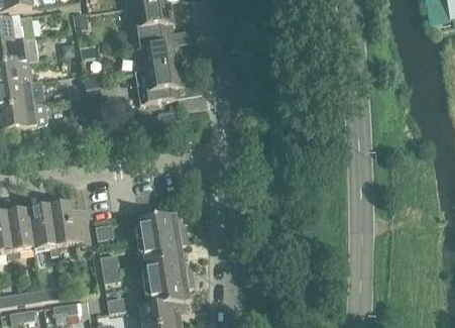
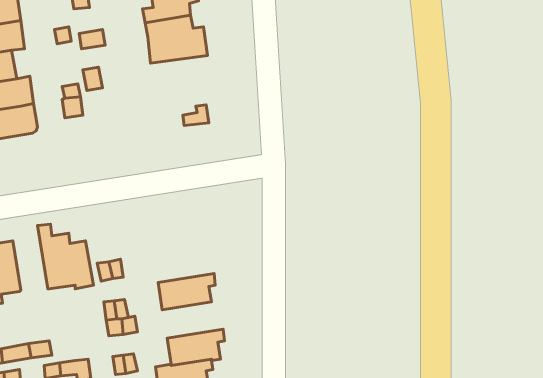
building: [135,66,188,105] -> none
building: [29,198,59,256] -> none
building: [138,214,186,242] -> none
building: [145,257,193,286] -> none

